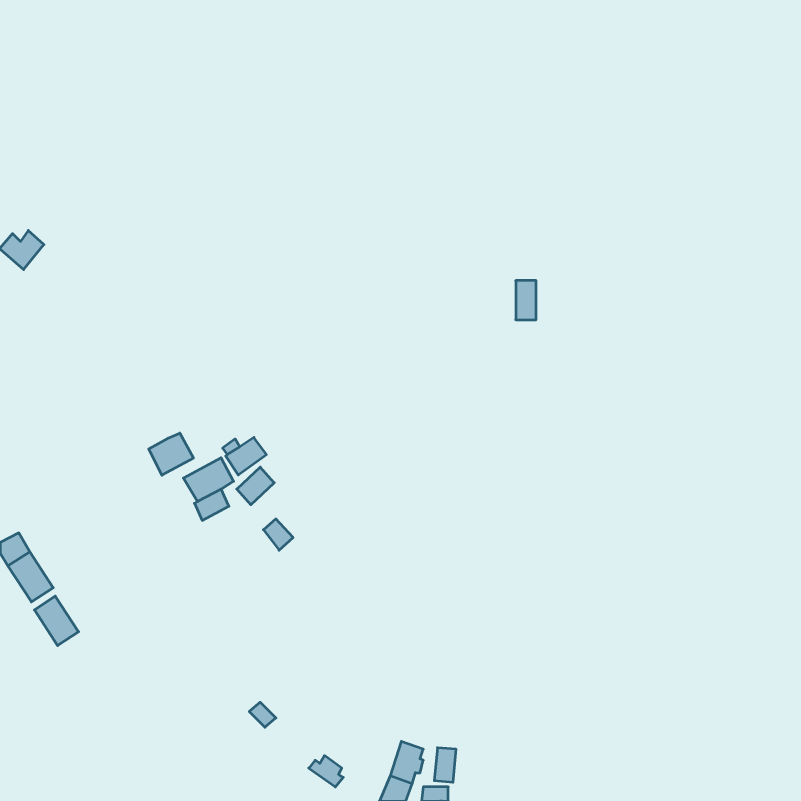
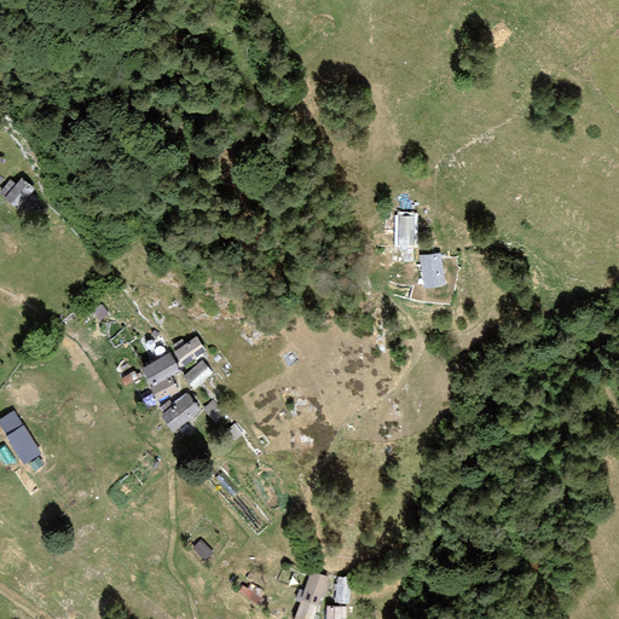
building: none -> [420,251,445,288]
building: [149,433,193,475] -> none
building: none -> [161,394,201,432]
building: [34,596,79,646] -> none

